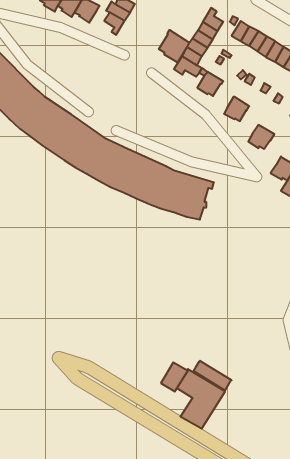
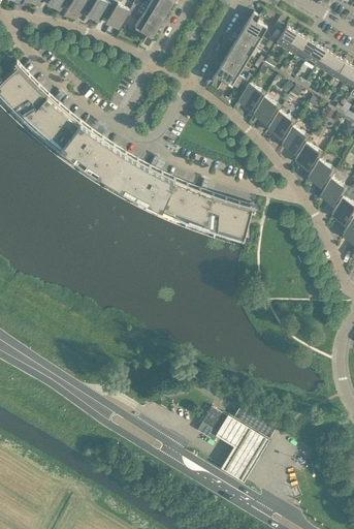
building: [159,30,189,62] -> none
building: none -> [253,97,281,124]
building: none -> [281,126,310,153]
building: none -> [307,160,335,187]

